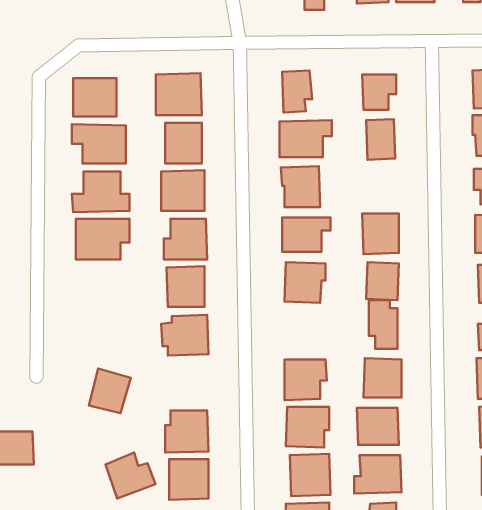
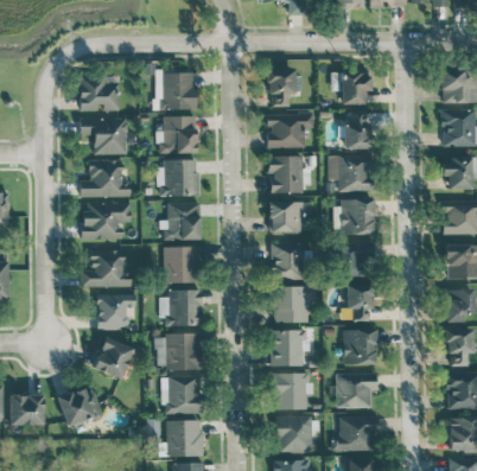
building: none -> [327,155,371,192]
building: none -> [81,252,131,288]
building: none -> [275,286,314,324]
building: none -> [96,295,135,330]
building: none -> [165,333,202,371]
building: [105,453,155,499] -> [57,388,102,429]

